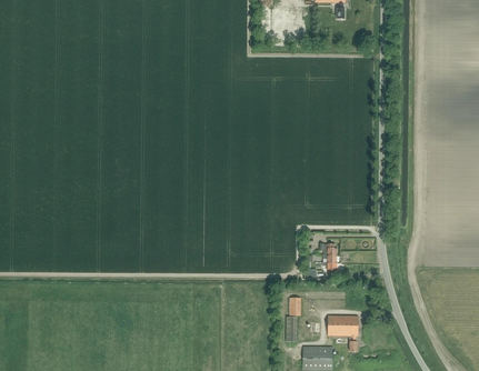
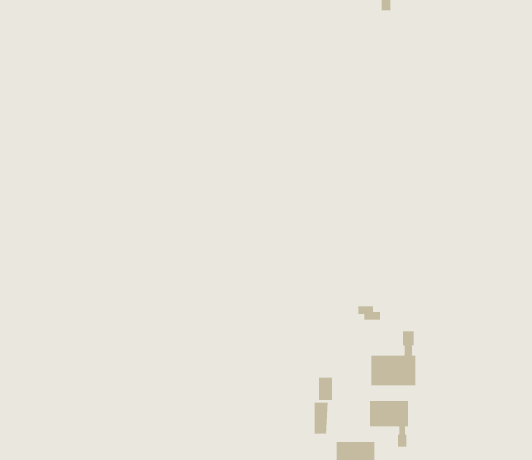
building: none -> [371,330,416,386]

